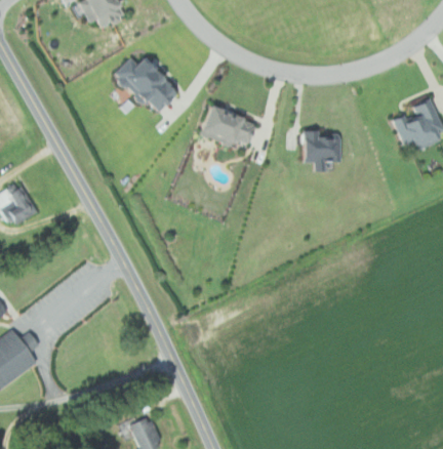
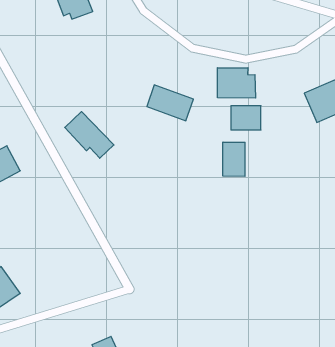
building: [109,53,169,111] -> [65,112,114,158]
building: none -> [217,68,255,98]
building: none -> [223,142,245,176]

